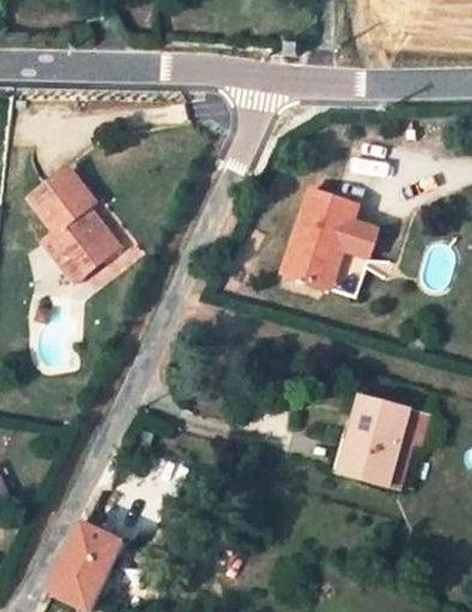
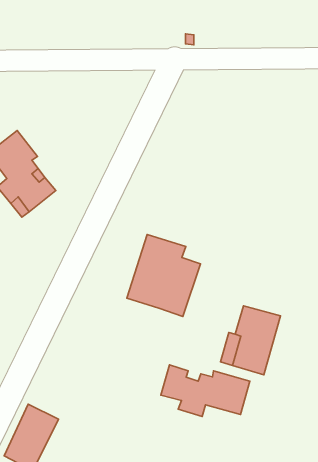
building: [282,184,378,290] -> [127,234,200,316]
building: none -> [161,365,250,416]

